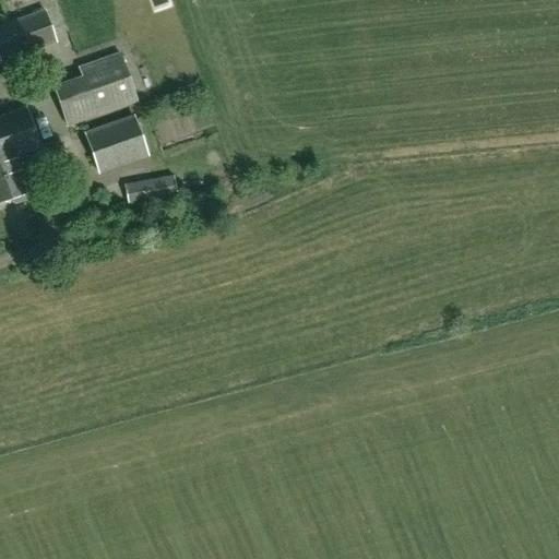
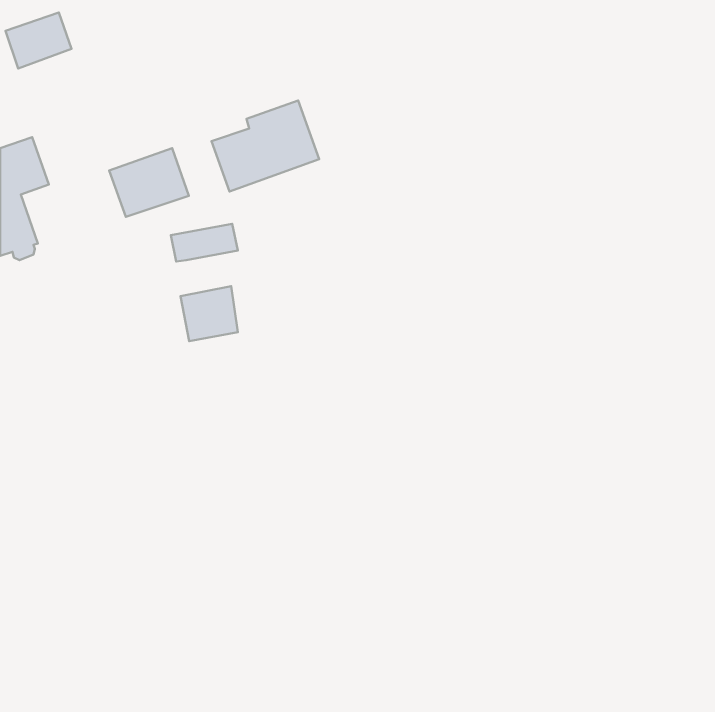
building: [52,52,136,123] -> [211,101,319,191]
building: none -> [181,286,238,341]

